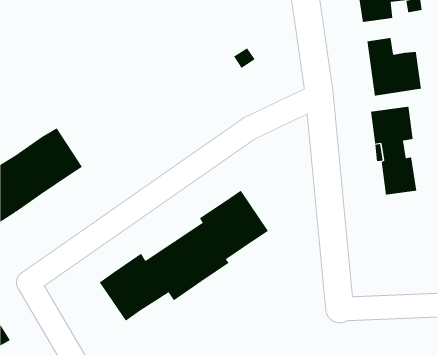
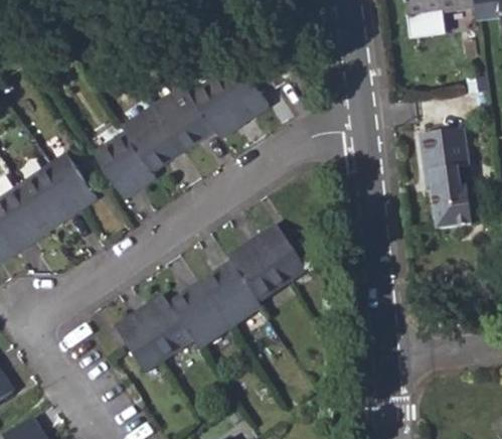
building: [367,37,421,97] -> none
building: none -> [93,60,266,196]

